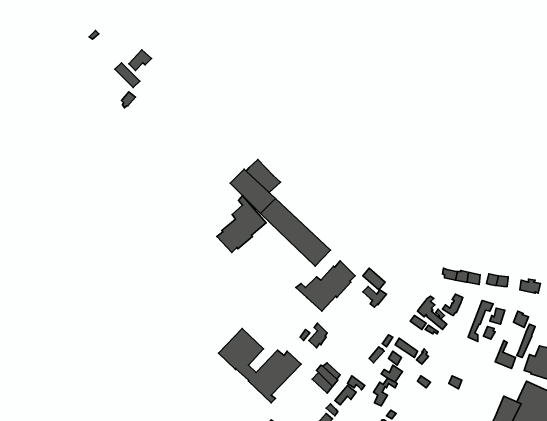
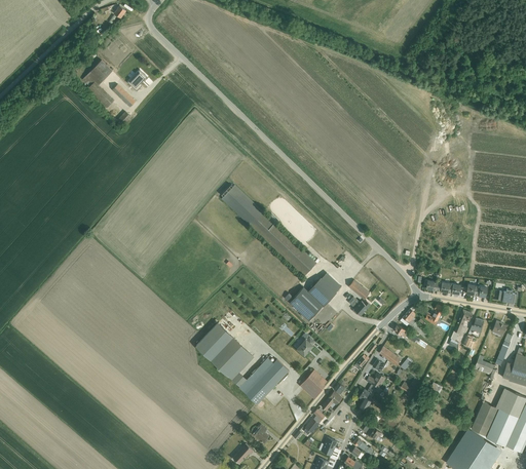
building: none -> [82,60,115,108]
building: [246,160,280,192] -> none
building: [217,196,266,252] -> none
building: none -> [195,322,233,360]

